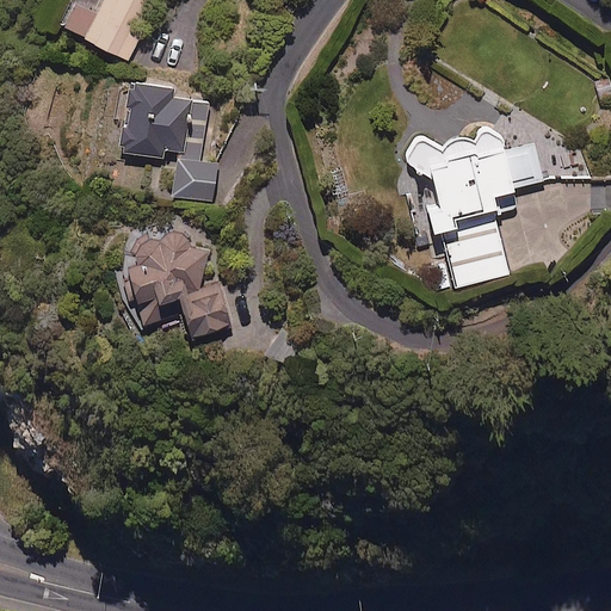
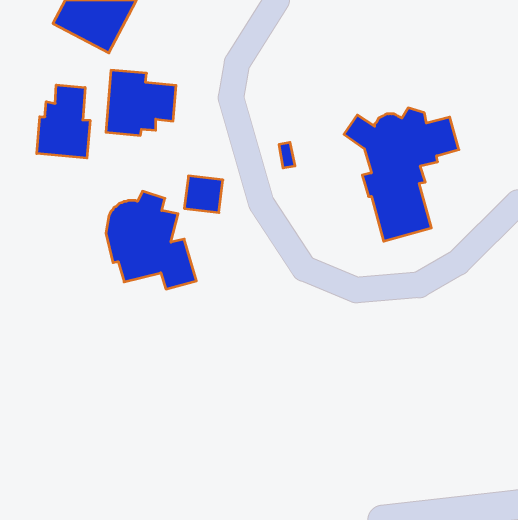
building: none -> [37,85,90,158]
building: [173,160,218,203] -> [184,176,223,213]

